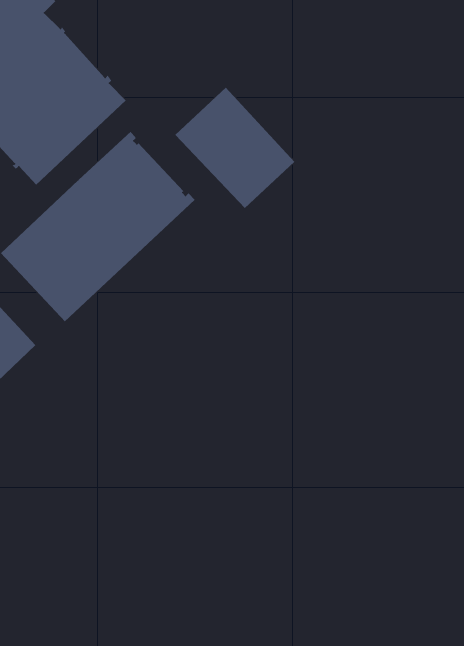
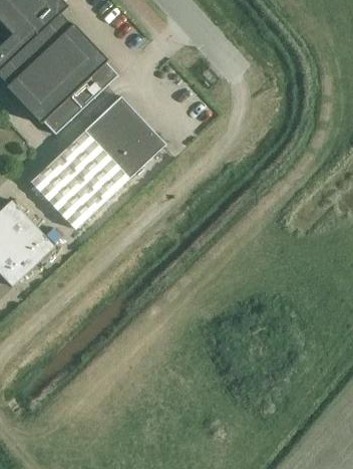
building: [175,87,295,209] -> none

